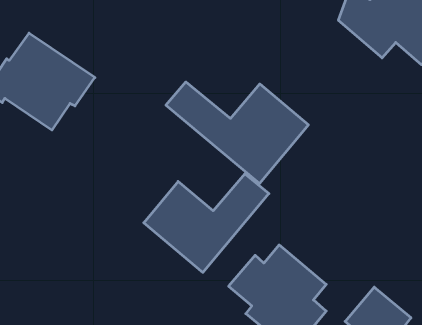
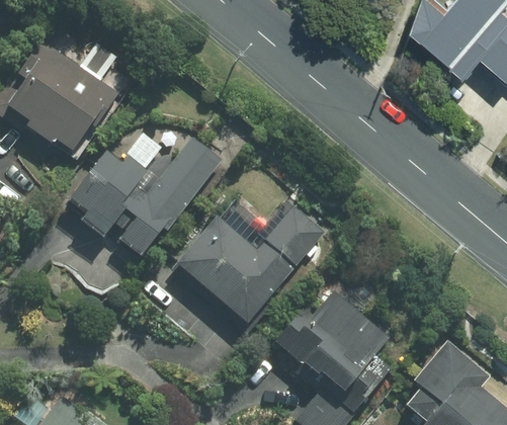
building: [166,82,308,184] -> none
building: none -> [67,138,223,257]

